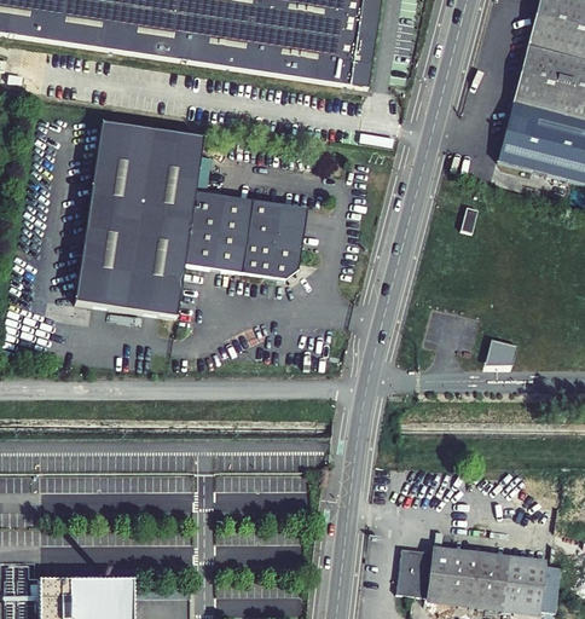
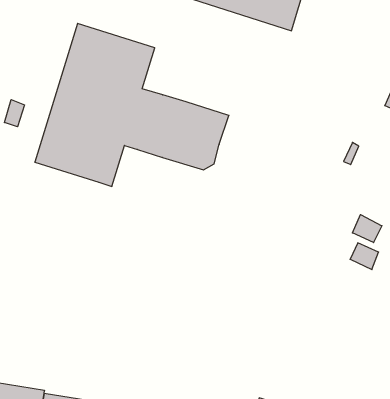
building: none -> [4,100,25,127]
building: none -> [352,215,382,243]

